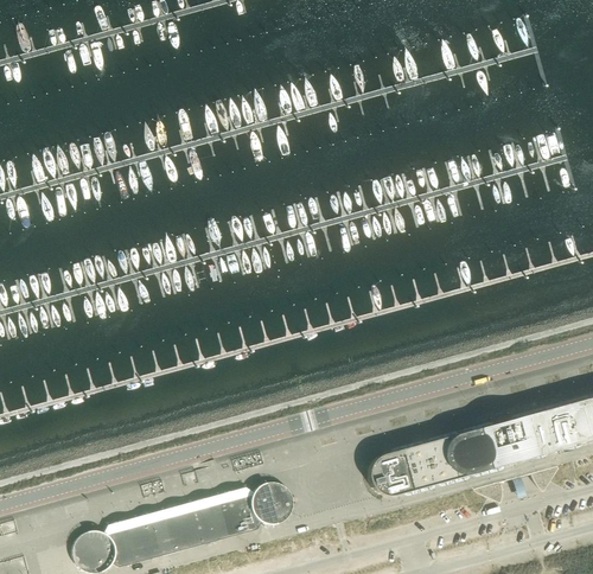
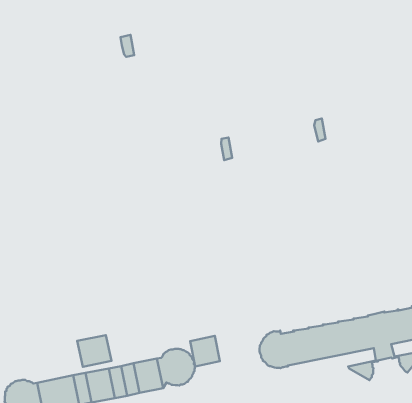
building: none -> [190,336,220,366]
building: none -> [77,335,111,367]

